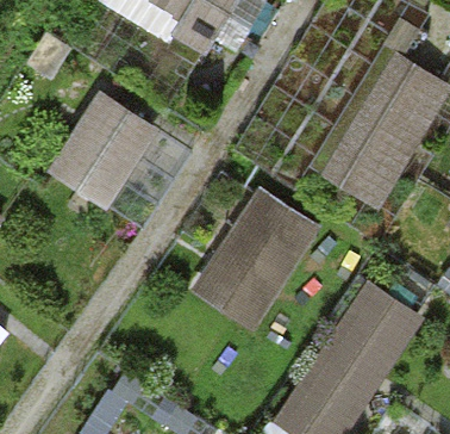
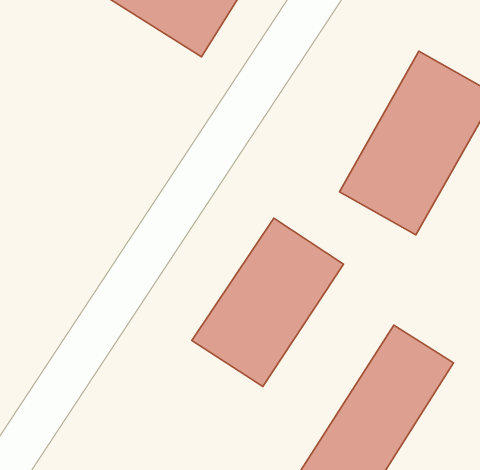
building: [50,94,152,207] -> none

